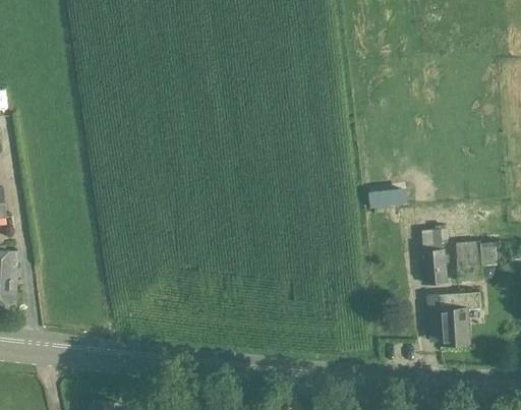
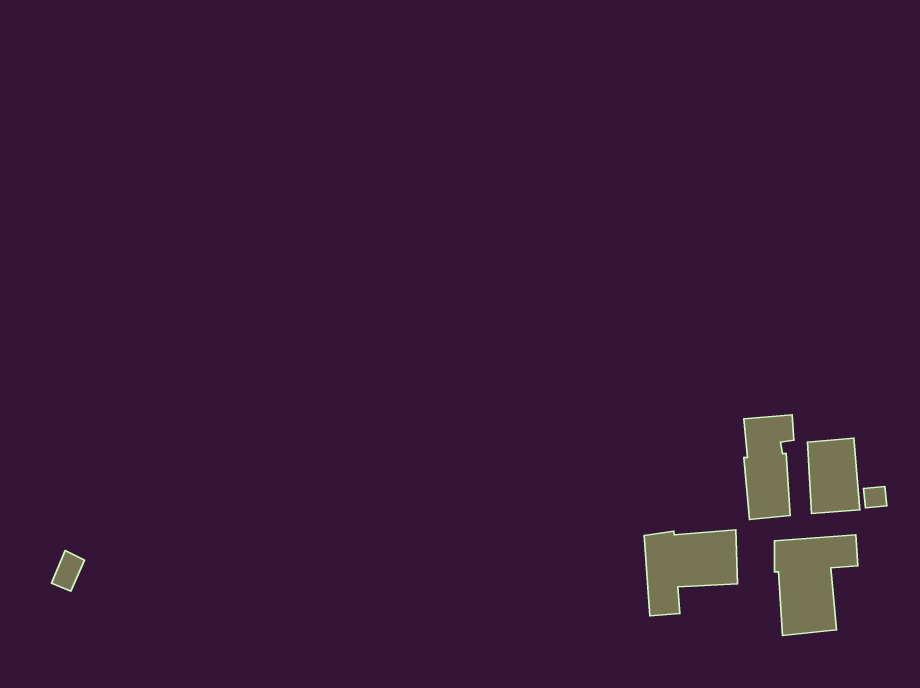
building: [368,185,407,207] -> none
building: none -> [644,530,738,616]

